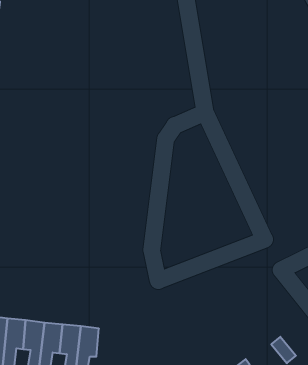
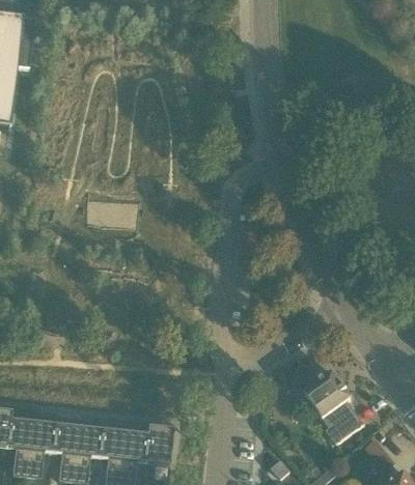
building: none -> [304,370,364,445]
building: none -> [144,428,172,466]

